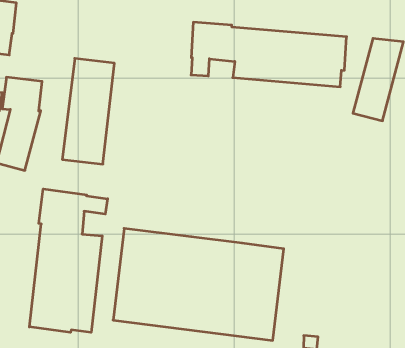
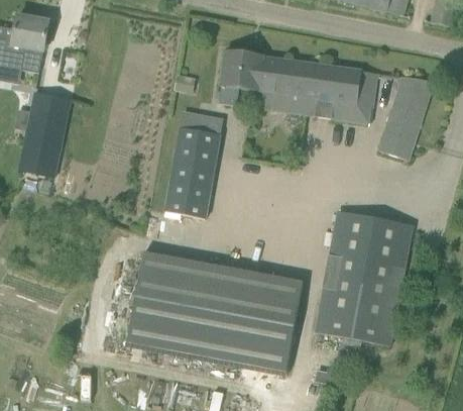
building: [62,58,114,164] -> [164,111,222,218]
building: none -> [312,210,414,345]
building: [29,189,108,332] -> none

